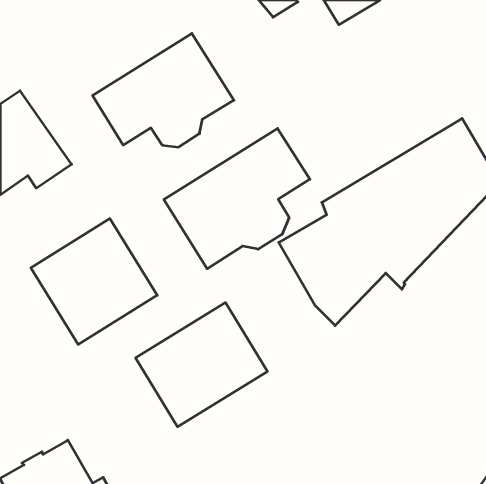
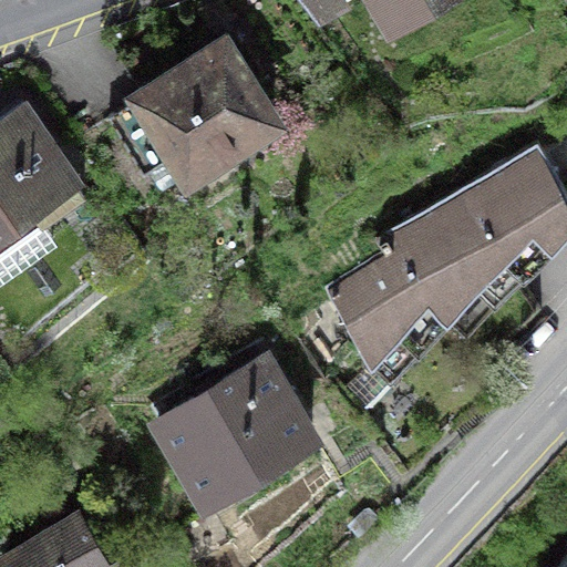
building: [164,128,310,269] -> none
building: [31,219,157,344] -> none

